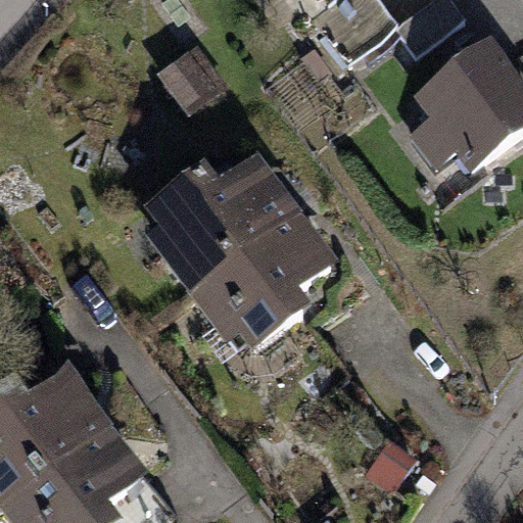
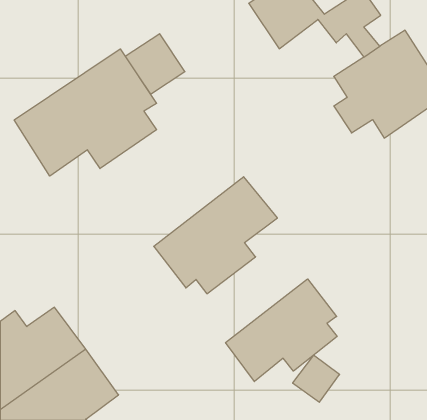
building: none -> [14,49,157,176]
building: [145,157,299,299] -> none
building: none -> [226,279,337,382]

